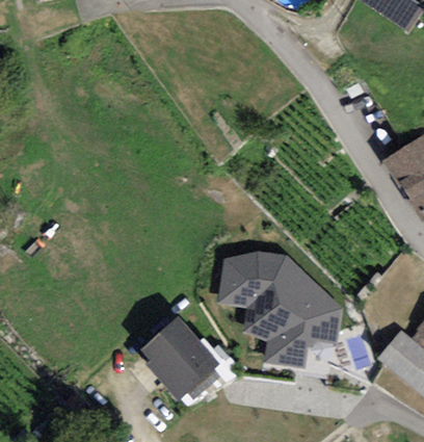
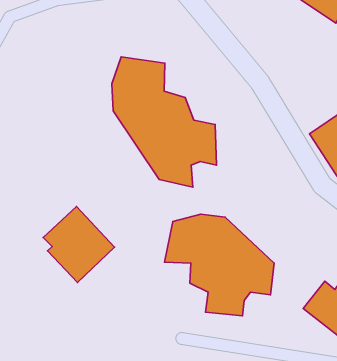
building: none -> [112,57,217,187]
building: [140,316,222,404] -> [43,207,115,283]

